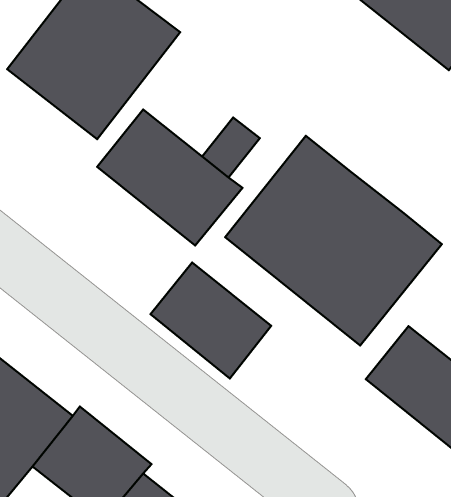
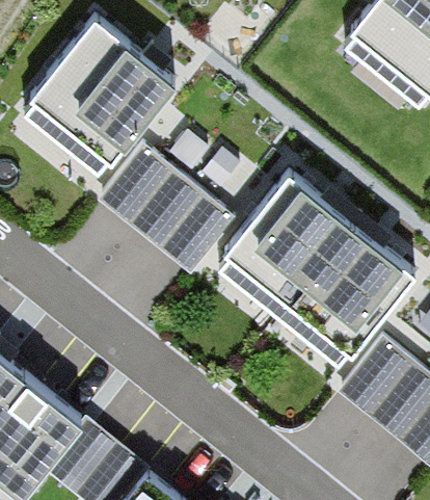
building: [151,262,271,378] -> none

